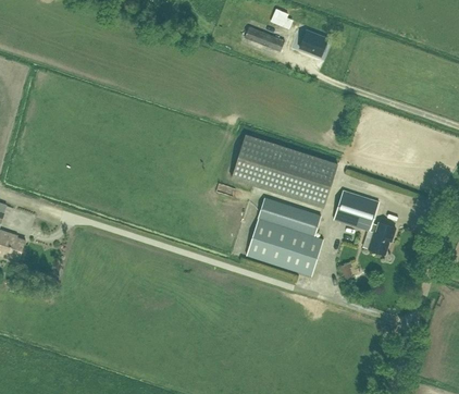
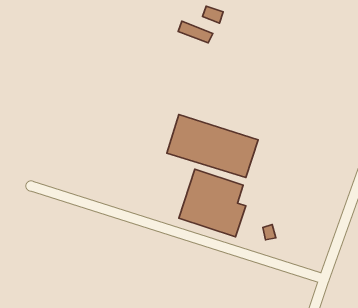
building: [297,30,325,57] -> none
building: [333,190,394,254] -> none

